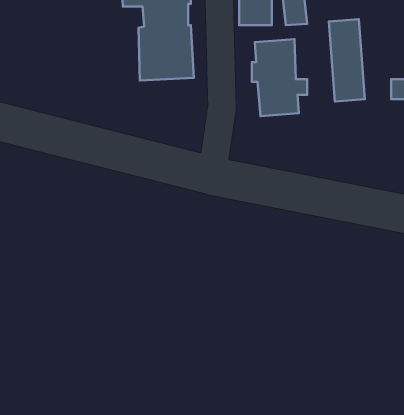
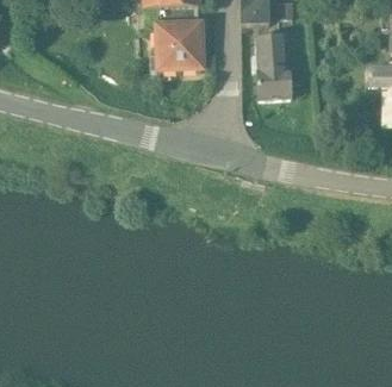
building: [329,19,365,101] -> none

